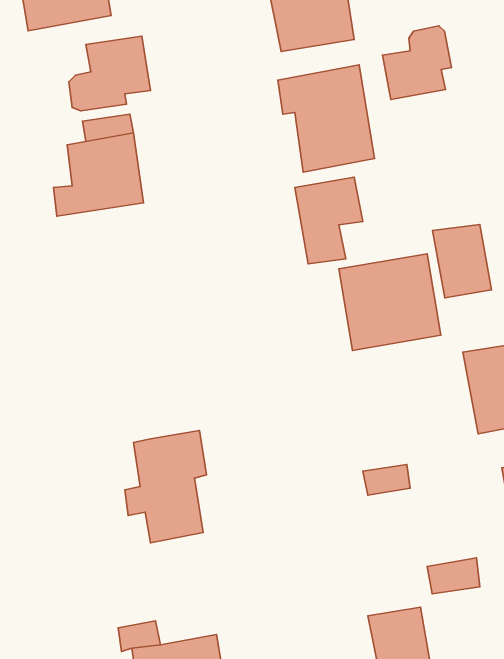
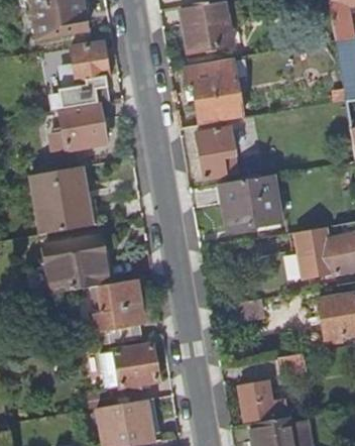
building: [383,26,452,99] -> none
building: [433,225,491,298] -> none
building: none -> [27,166,85,236]
building: none -> [45,237,109,293]
building: none -> [102,347,159,394]

